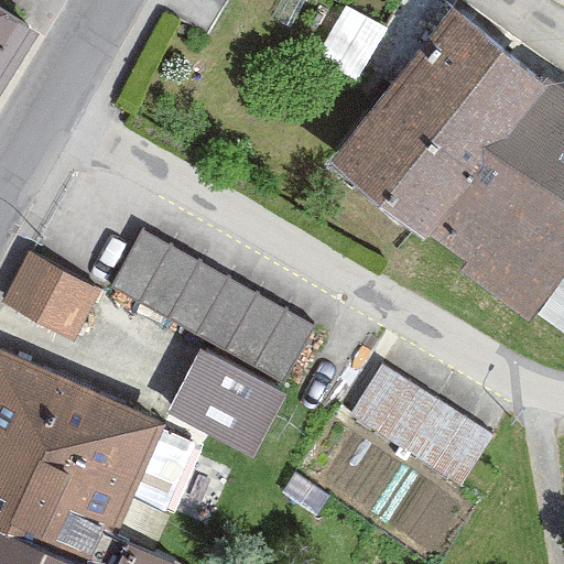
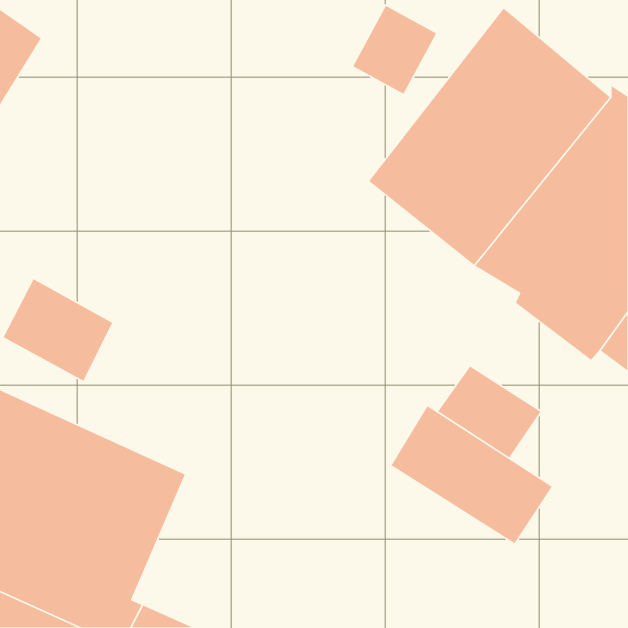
building: [108,228,313,381] -> none
building: none -> [437,366,541,458]
building: [167,348,286,457] -> none

